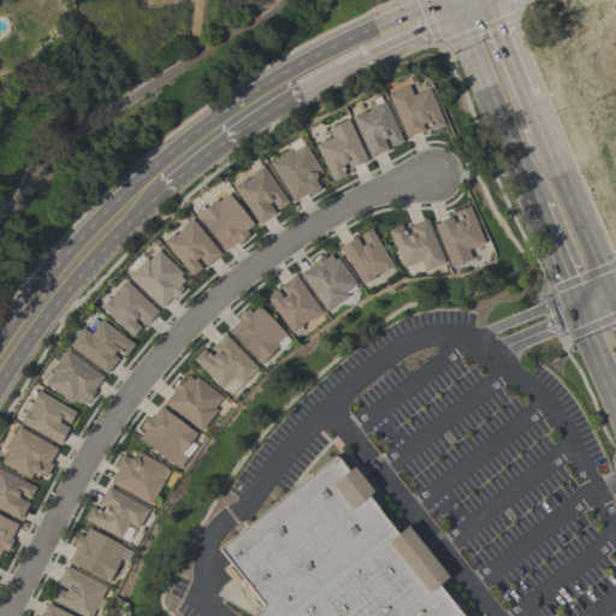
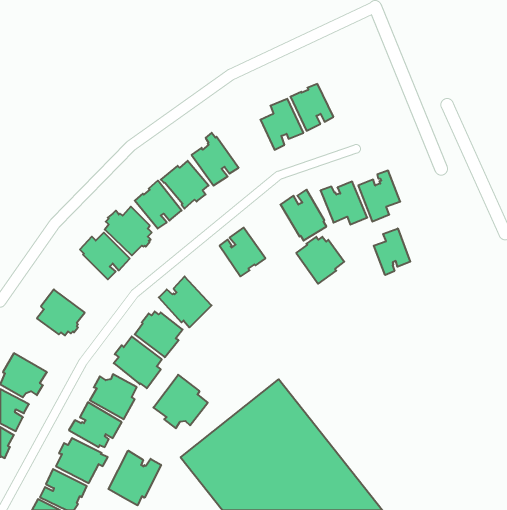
building: [390,85,446,137] -> none
building: [271,137,324,201] -> none
building: [301,254,359,310] -> [296,237,344,284]
building: none -> [374,228,410,275]
building: [230,306,291,363] -> none
building: [71,320,136,374] -> none
building: [23,391,78,444] -> none
building: none -> [153,375,208,428]
building: none -> [108,451,161,505]

